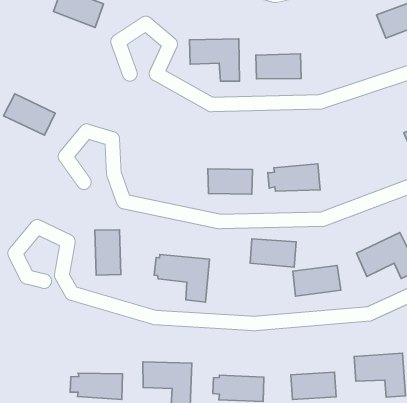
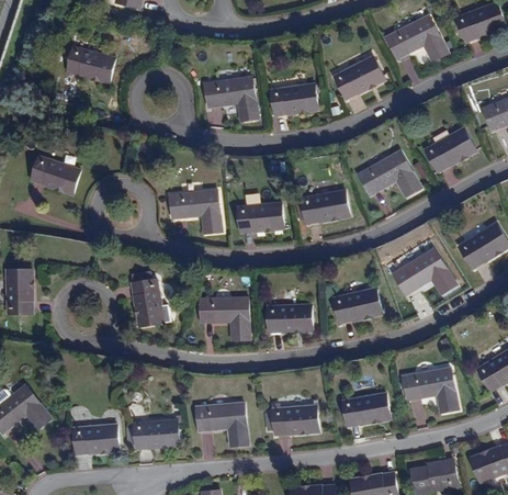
building: none -> [335,56,384,99]
building: none -> [358,149,421,196]
building: none -> [169,189,223,233]
building: [250,239,296,267] -> [267,304,312,330]
building: none -> [72,425,118,452]

